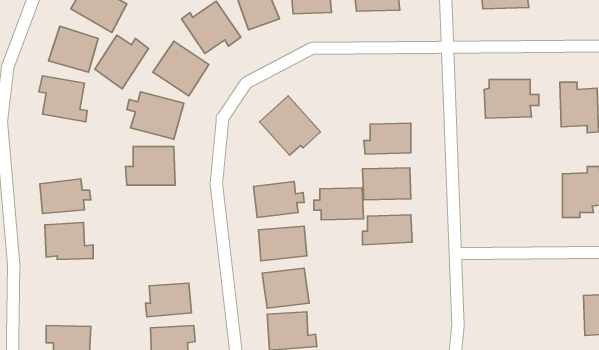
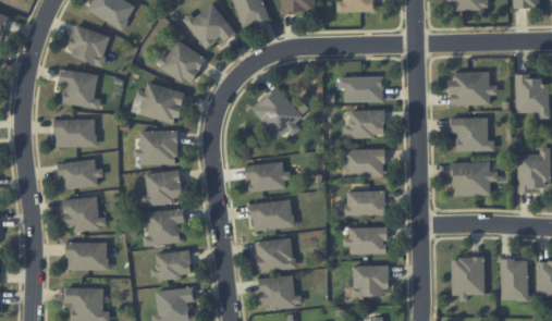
building: [95,35,148,89] -> none
building: none -> [339,76,383,102]
building: none -> [449,118,494,151]
building: none -> [54,119,96,147]
building: none -> [451,162,496,196]
building: [314,188,363,220] -> [343,226,387,255]
building: none -> [142,171,182,205]
building: none -> [143,208,186,246]
building: none -> [66,242,108,270]
building: none -> [451,257,484,298]
building: none -> [500,259,528,300]
building: none -> [351,266,388,297]

